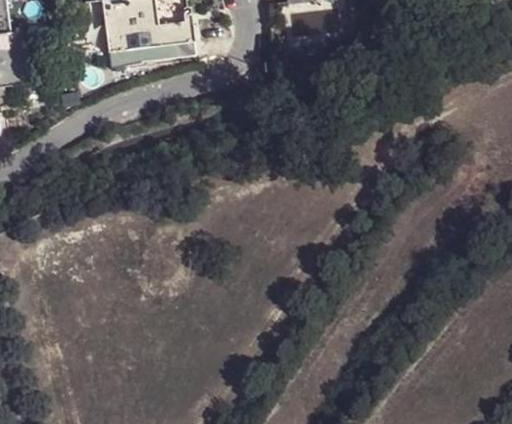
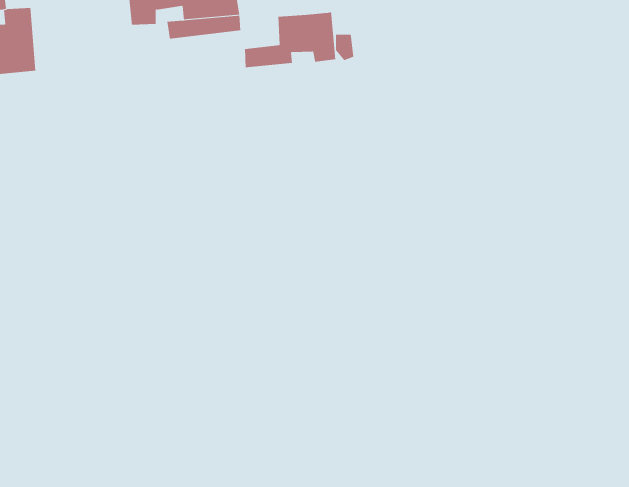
building: none -> [244,12,336,68]

